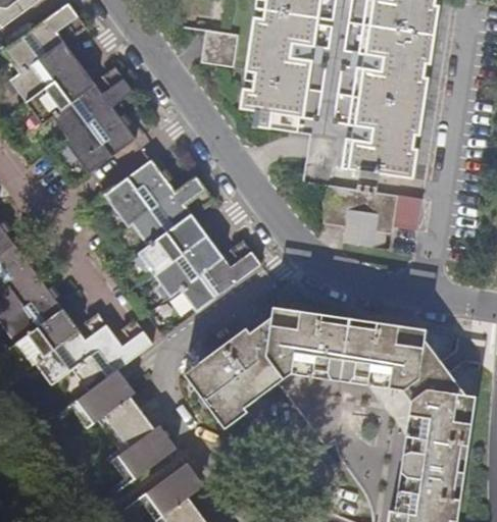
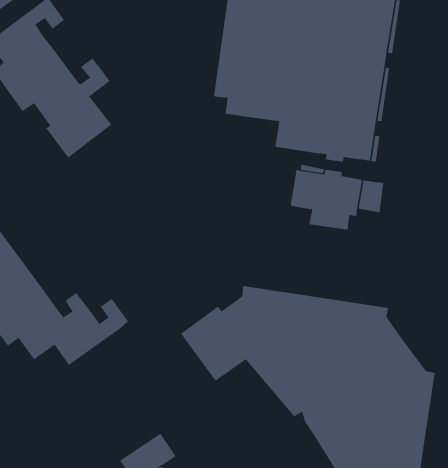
building: [201,30,237,65] -> none
building: [103,160,260,312] -> none
building: [185,357,246,427] -> none
building: [77,369,176,478] -> none

